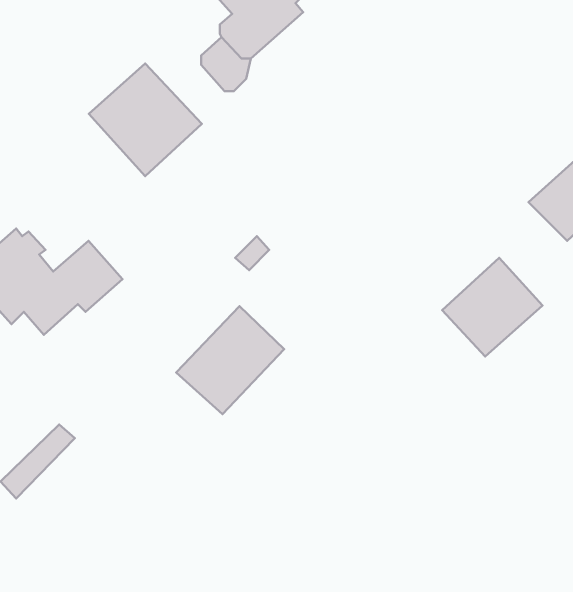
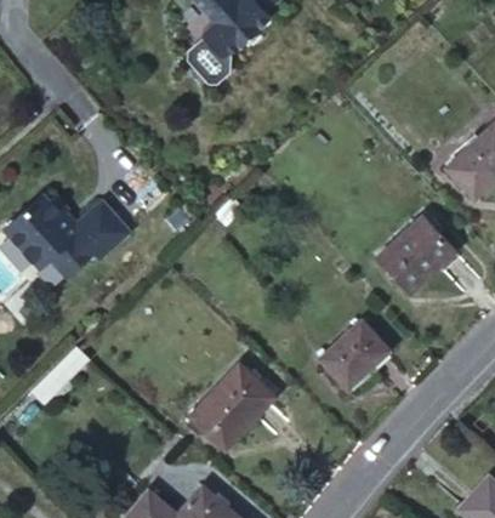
building: [89,63,202,176] -> none
building: [176,306,284,414] -> [190,364,275,449]
building: none -> [320,320,389,388]

